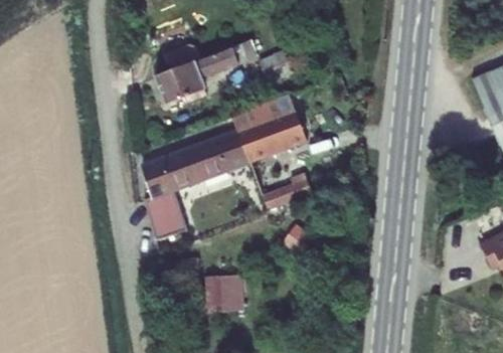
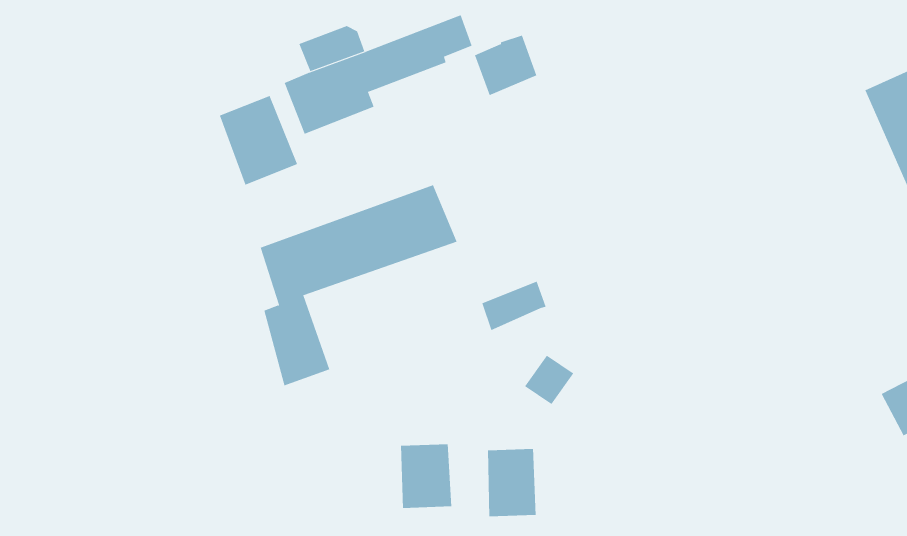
building: none -> [219,95,298,185]
building: [231,95,308,162] -> none
building: none -> [488,448,536,517]

